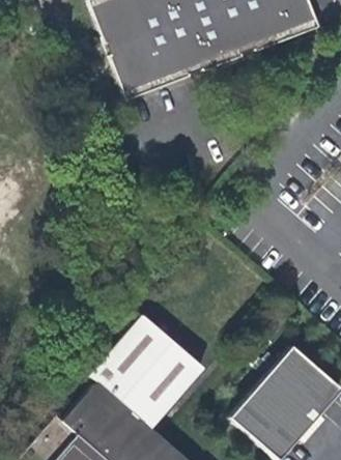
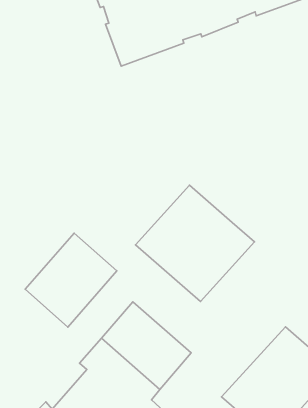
building: none -> [135,185,255,302]
building: none -> [25,233,117,327]

